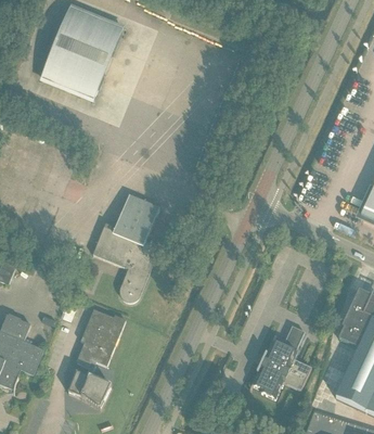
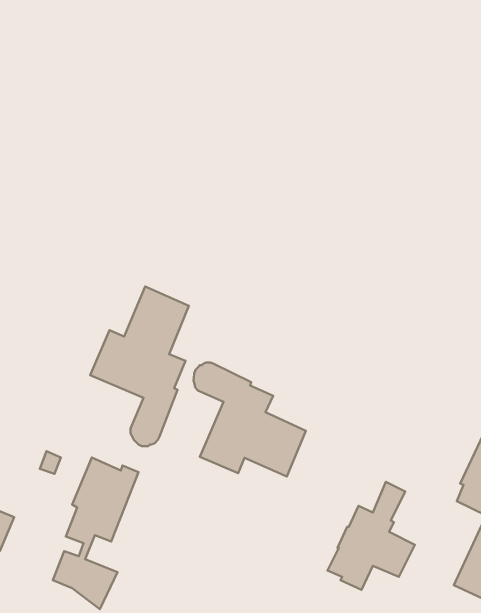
building: [42,9,121,97] -> none
building: none -> [194,362,306,477]

